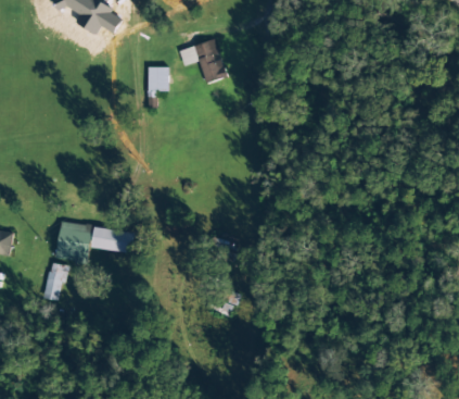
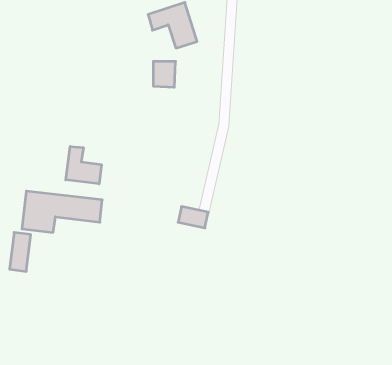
building: [148,66,169,91] -> [153,61,176,87]
building: none -> [66,146,101,184]

